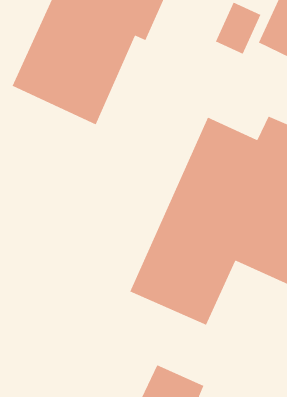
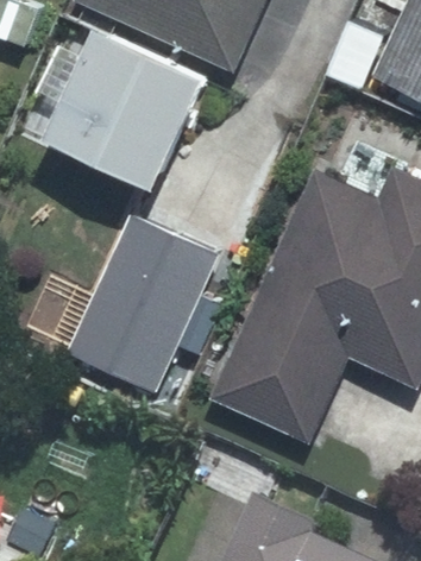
building: none -> [68,218,215,402]

